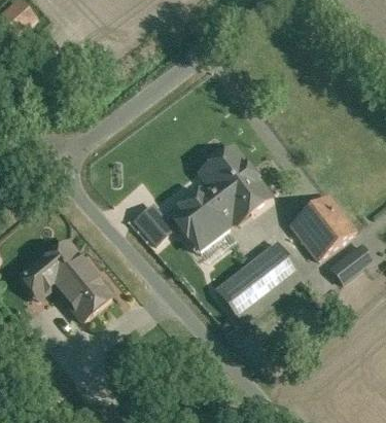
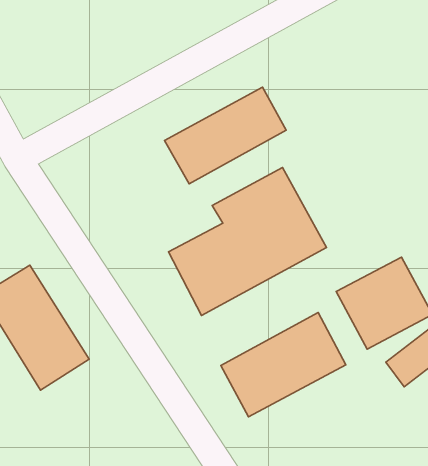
building: none -> [165,87,286,184]
building: [132,203,170,246] -> none

